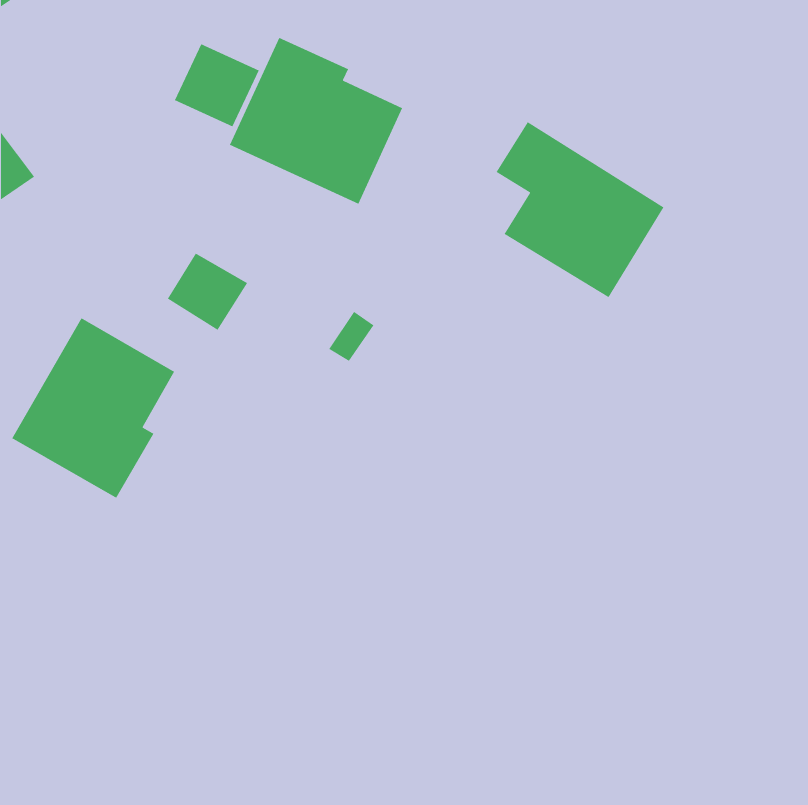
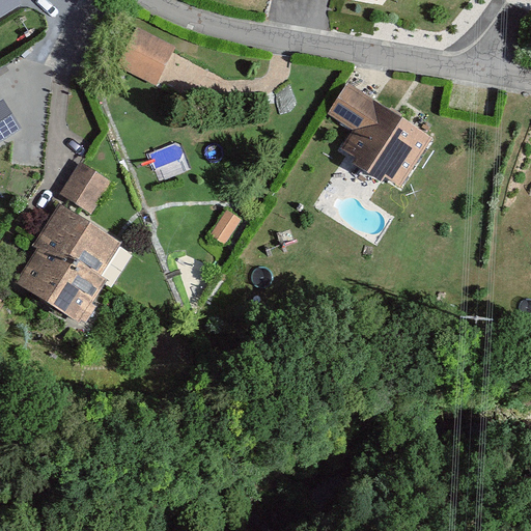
building: [229,37,403,205] -> none
building: [167,253,248,331] -> [57,161,110,212]

